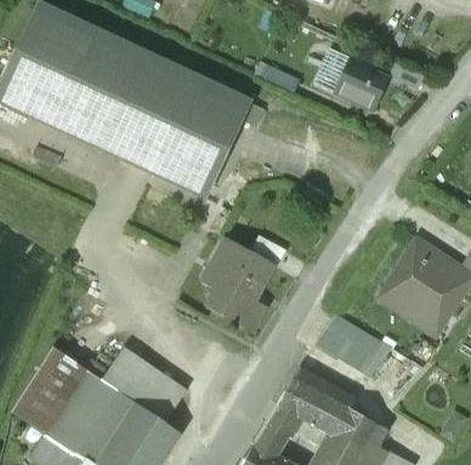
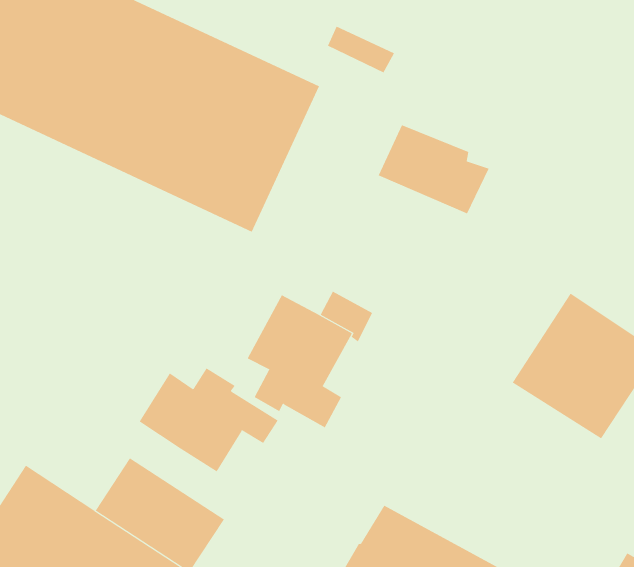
building: [314,50,388,109] -> [378,124,489,214]
building: none -> [139,368,278,472]
building: [313,314,391,380] -> none

